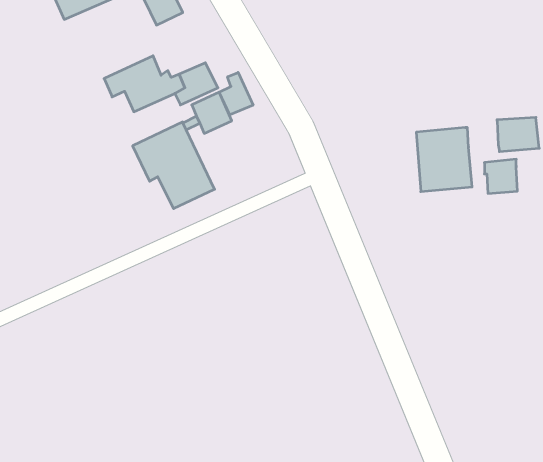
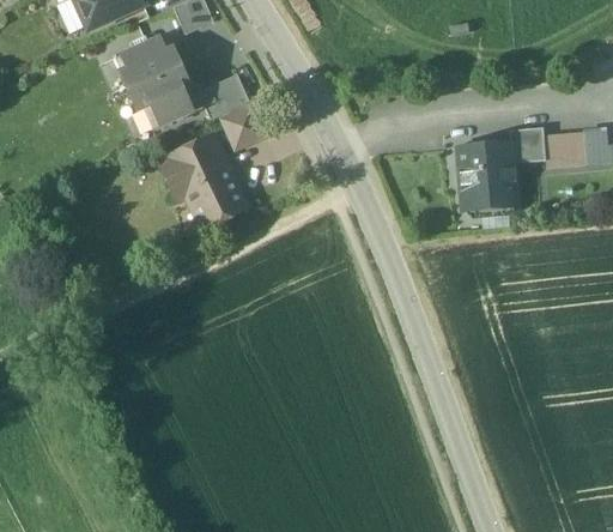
building: none -> [120,35,181,91]
building: [219,72,253,115] -> none
building: [484,159,517,193] -> [509,127,544,163]

